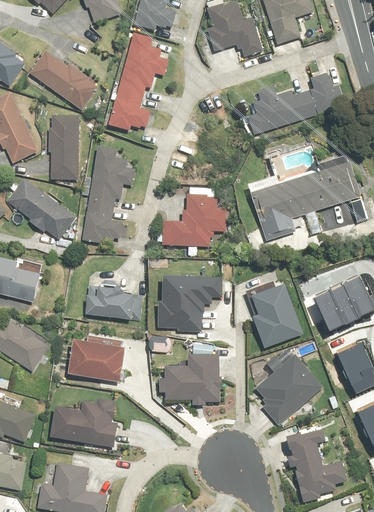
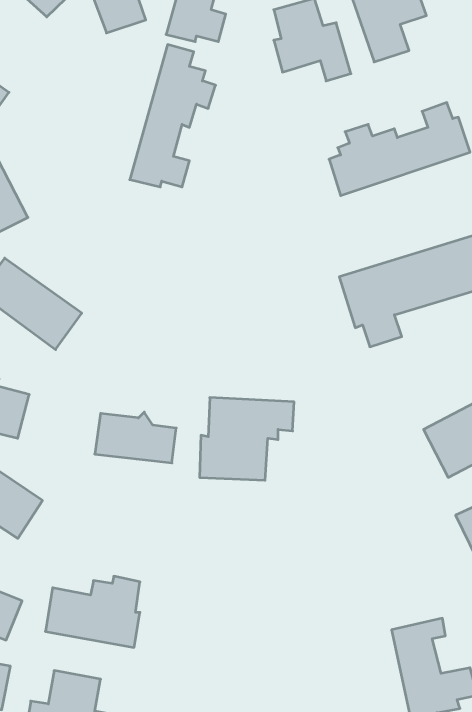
building: [29,49,97,109] -> none
building: [51,113,79,180] -> none
building: [82,145,135,243] -> none
building: [161,194,226,246] -> none
building: [253,283,303,345] -> none
building: [70,339,125,381] -> none
building: [160,353,222,402] -> none
building: [254,353,323,423] -> none

